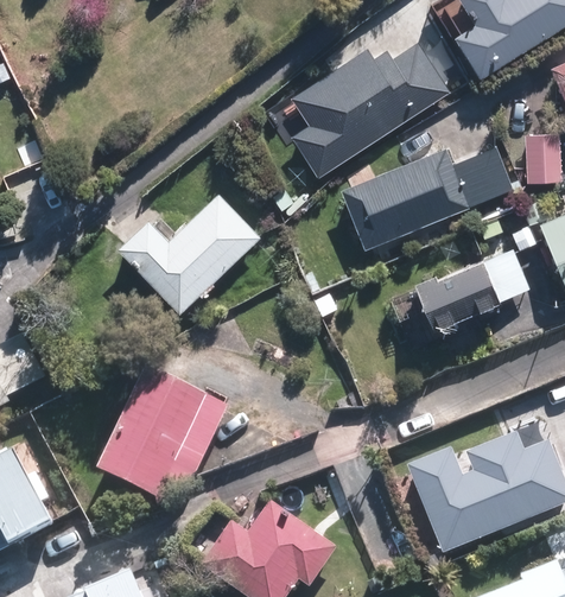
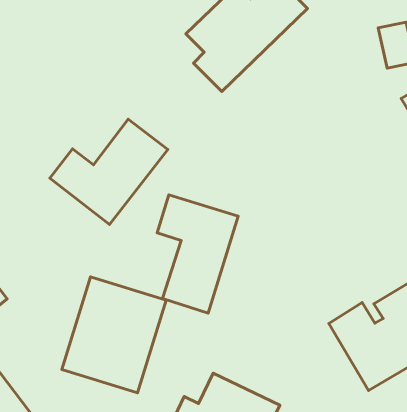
building: [339,142,513,246] -> none
building: [412,246,526,325] -> none
building: none -> [157,195,238,313]

